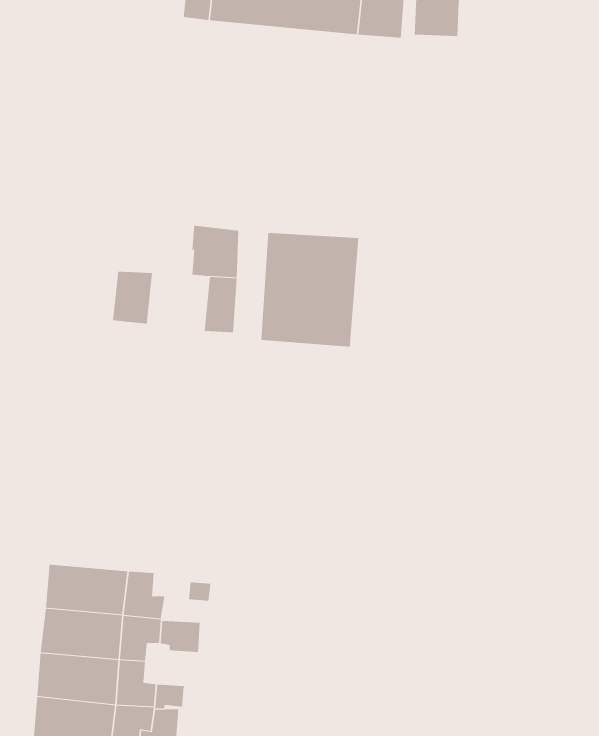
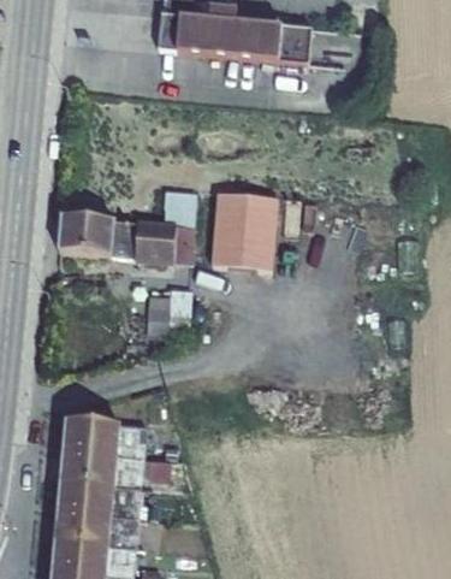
building: none -> [60,214,114,254]
building: none -> [135,220,177,261]
building: none -> [147,286,192,333]

